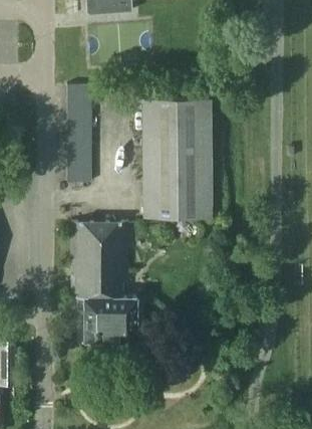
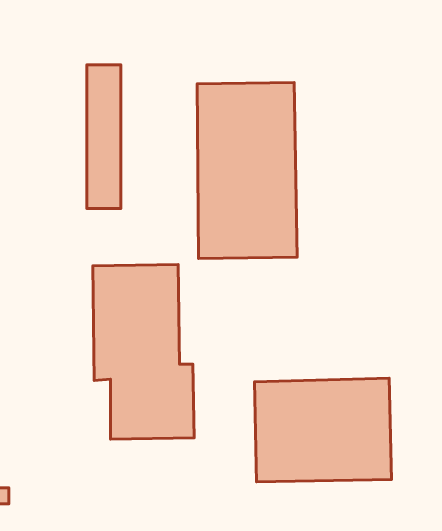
building: none -> [254,378,391,482]

